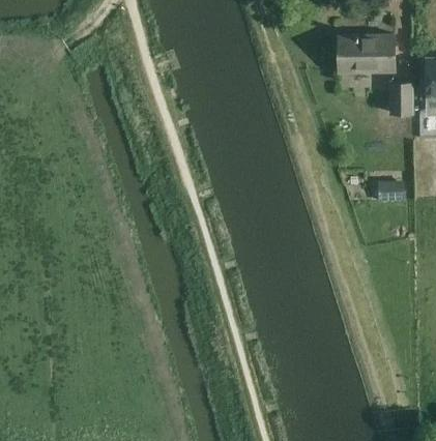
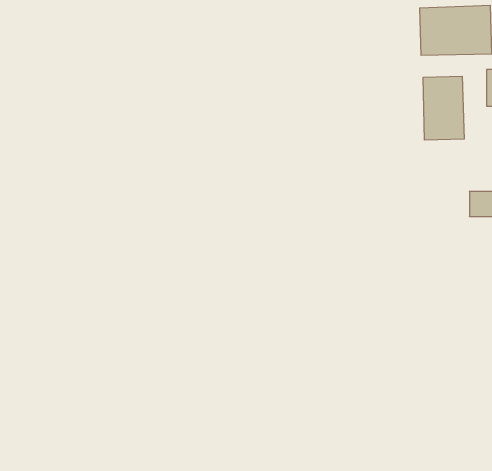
building: none -> [423,76,464,140]

